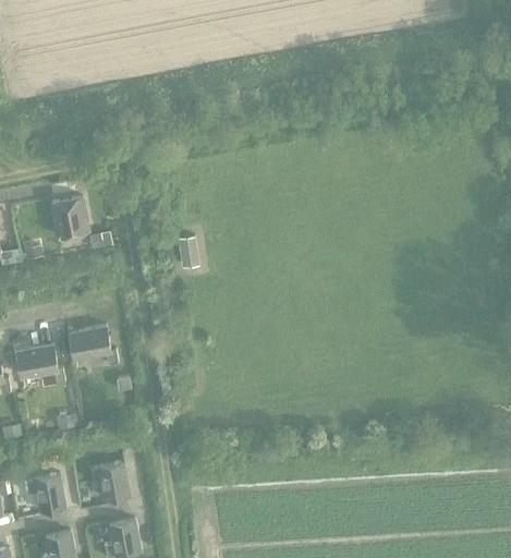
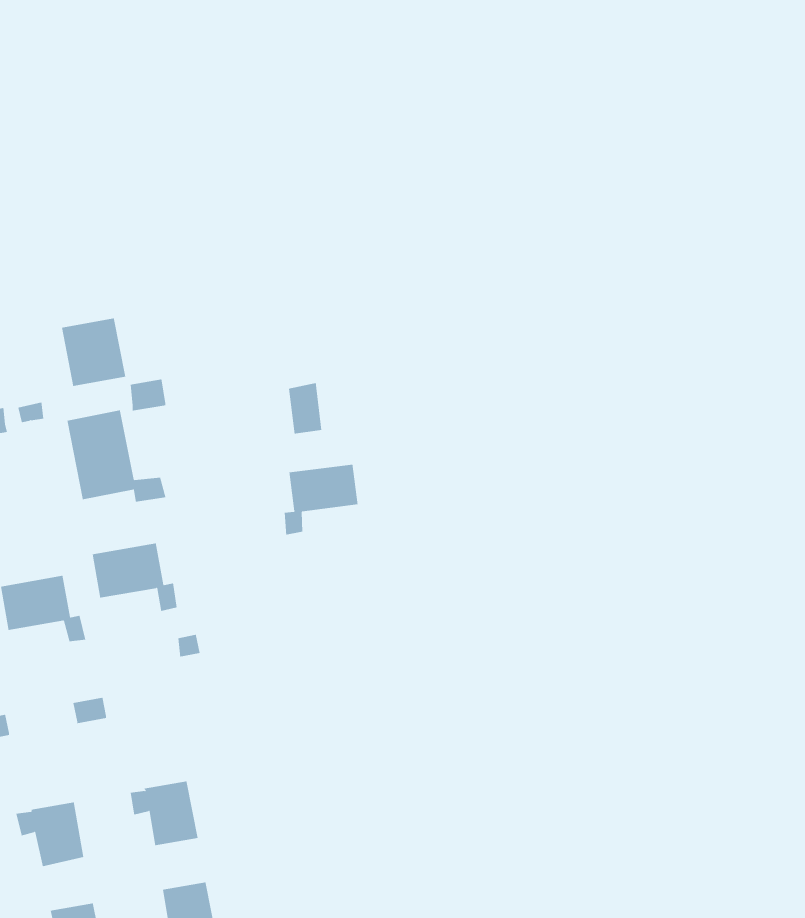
building: none -> [67,409,166,502]
building: none -> [284,464,358,536]

